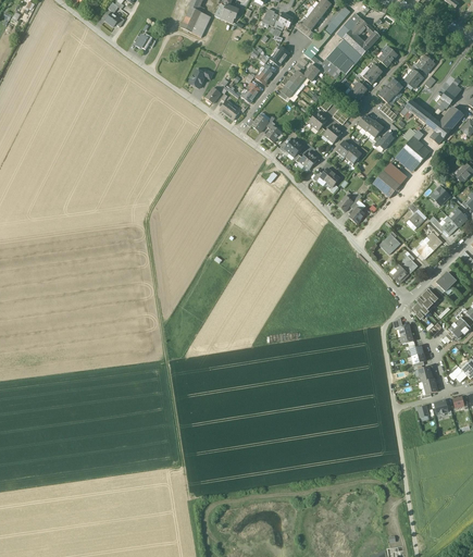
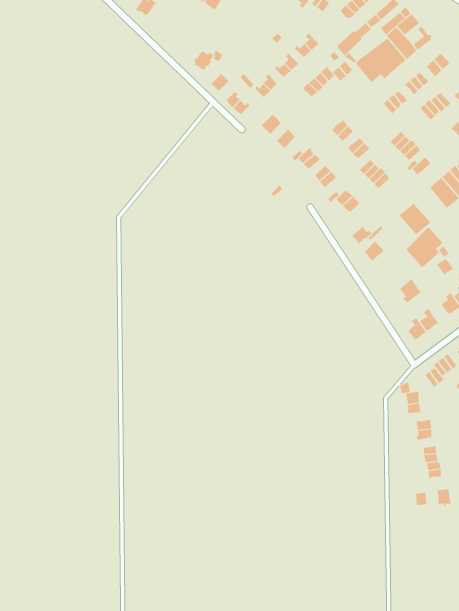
building: none -> [404,227,444,268]

